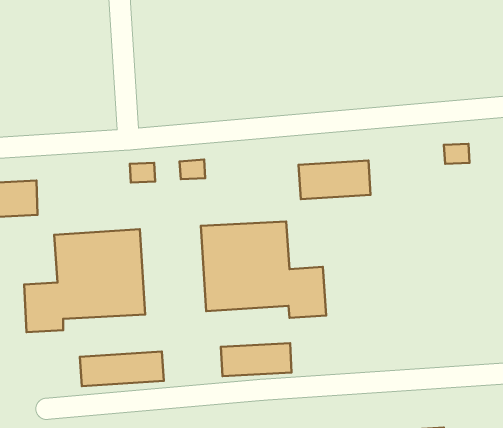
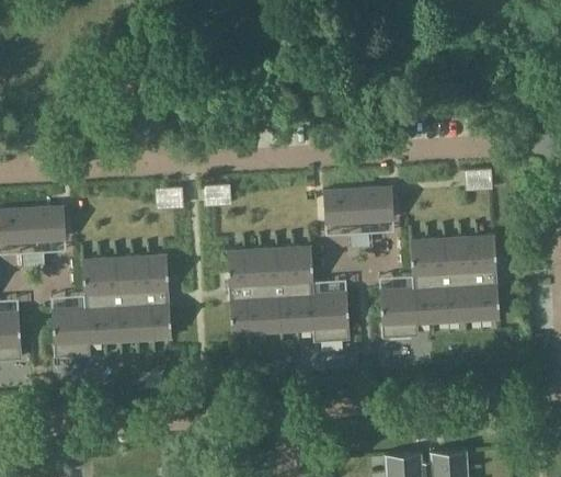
building: none -> [379,236,499,338]
building: [221,343,292,376] -> none
building: [80,351,164,386] -> none

